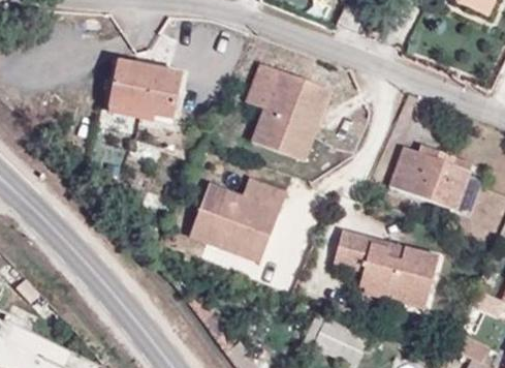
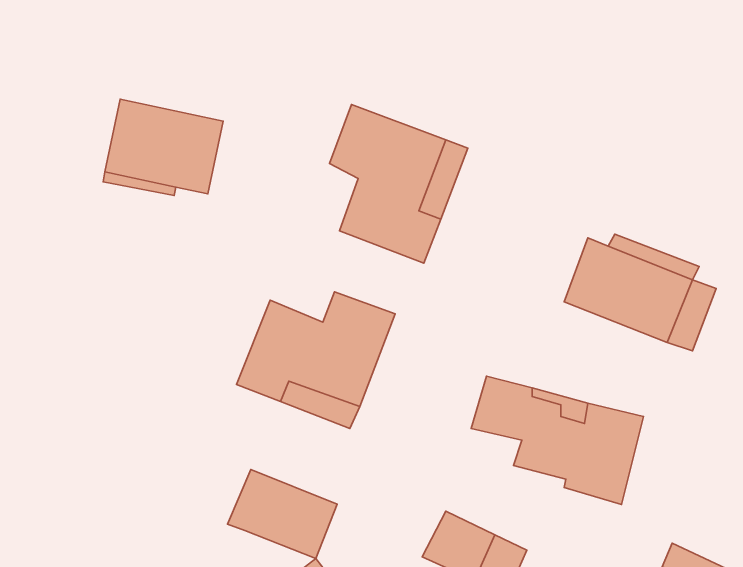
building: none -> [228,470,337,558]

